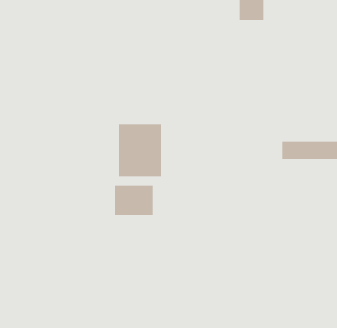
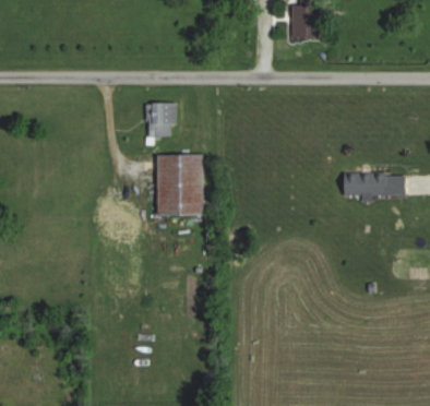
building: none -> [146,104,176,134]
building: [114,185,153,216] -> none

